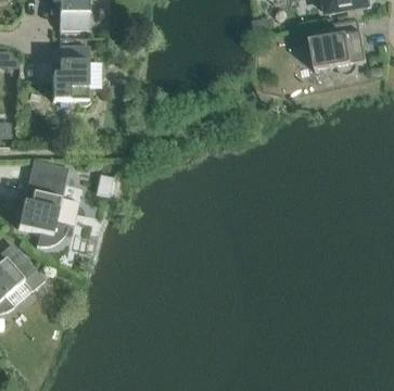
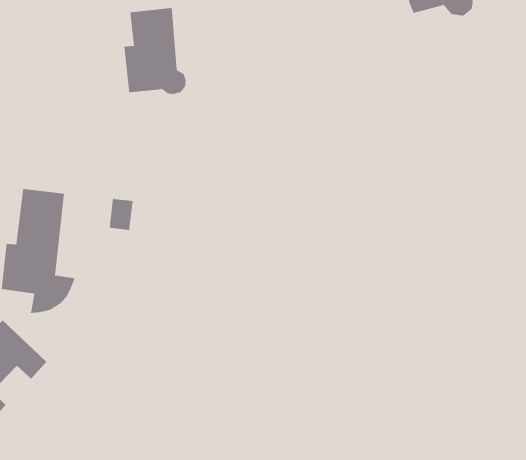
building: [53,45,93,103] -> [123,8,187,95]

